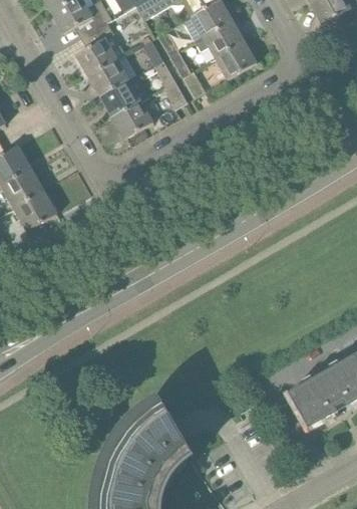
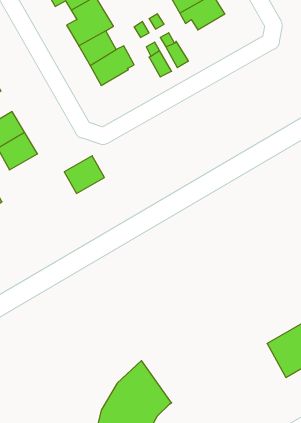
building: [215,39,256,77] -> none
building: [111,98,152,137] -> none
building: [13,189,56,229] -> [64,156,104,193]

